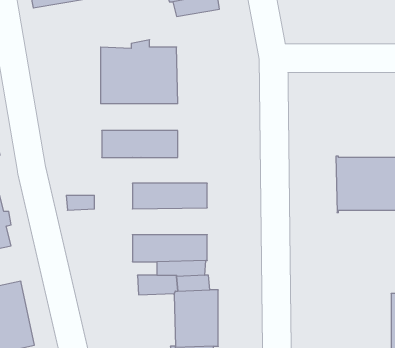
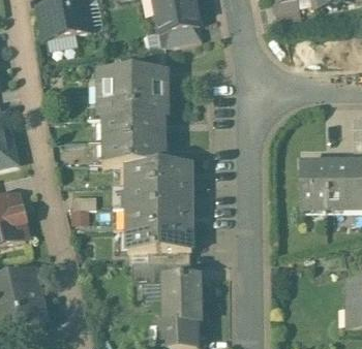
building: none -> [101,118,165,140]
building: none -> [127,162,190,185]
building: none -> [127,205,190,228]

